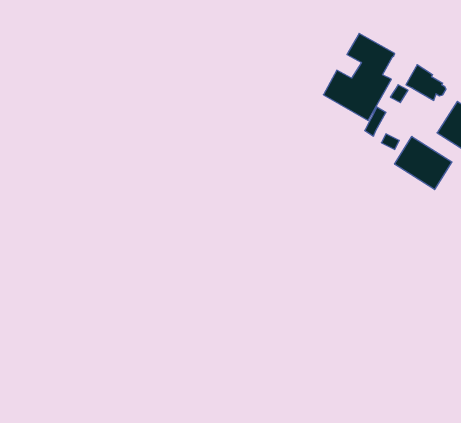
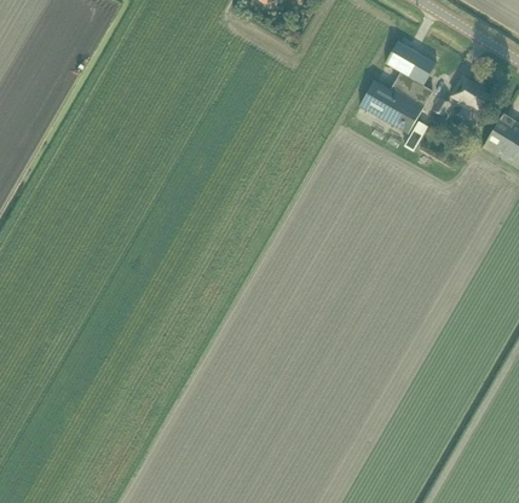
building: [395,136,452,190] -> none

